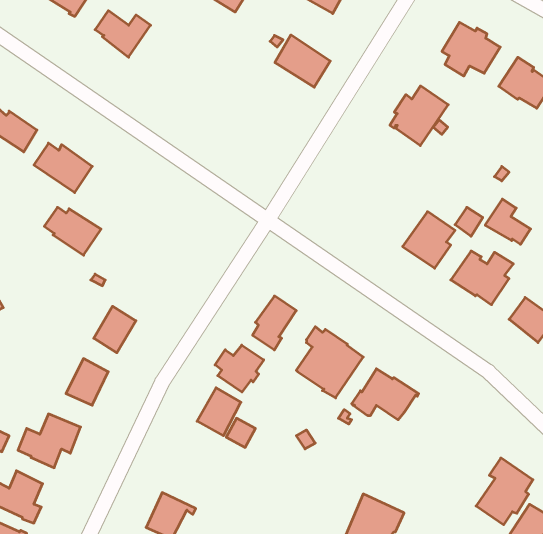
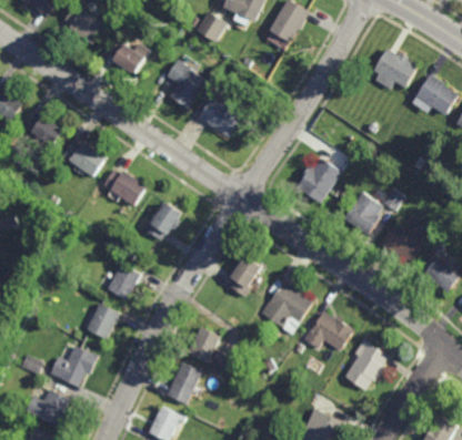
building: [275,35,330,87] -> [199,96,241,136]
building: none -> [168,60,205,108]
building: [390,86,448,146] -> [298,157,342,203]
building: [485,199,531,244] -> none
building: [44,207,101,255] -> [104,170,148,206]
building: none -> [144,203,181,239]
building: [215,345,264,392] -> none
building: none -> [165,362,202,405]
building: [476,458,533,525] -> [344,339,388,390]

